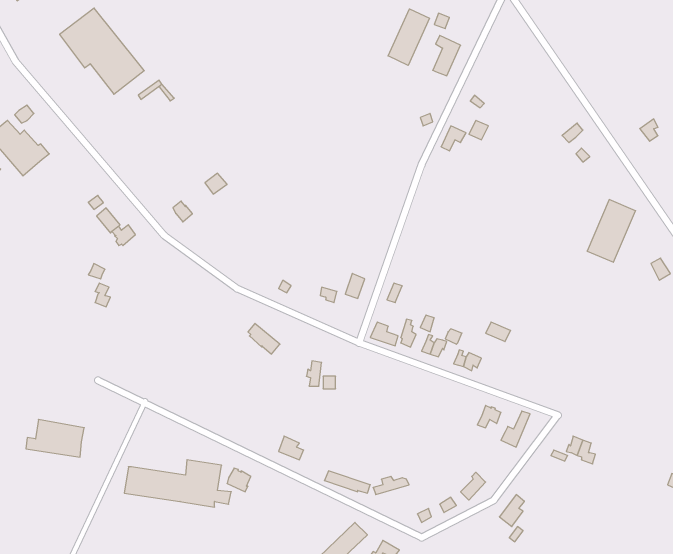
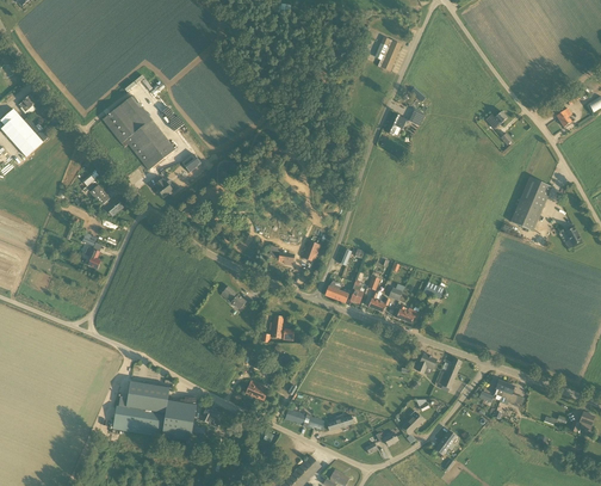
building: [60,8,144,94] -> [101,94,174,168]
building: [388,9,429,65] -> none
building: [26,419,84,457] -> [118,380,168,412]

